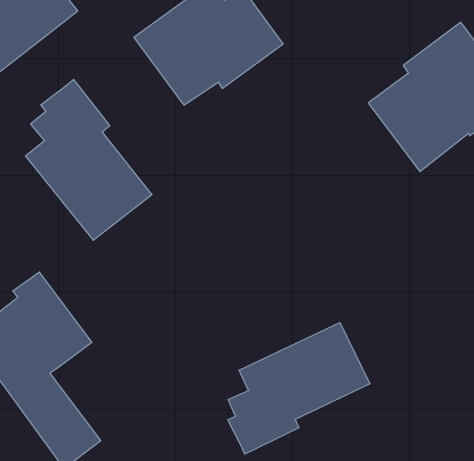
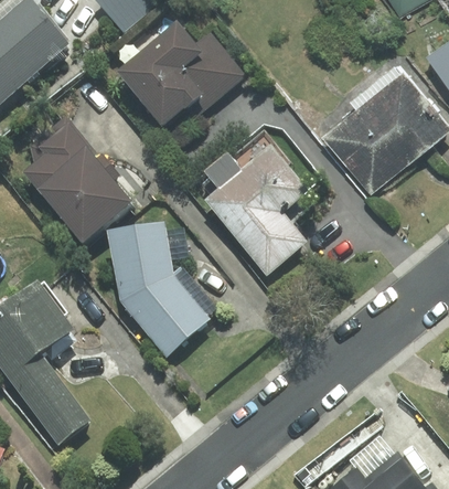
building: none -> [202,142,316,276]
building: none -> [109,228,212,361]
building: [228,323,370,454] -> none

